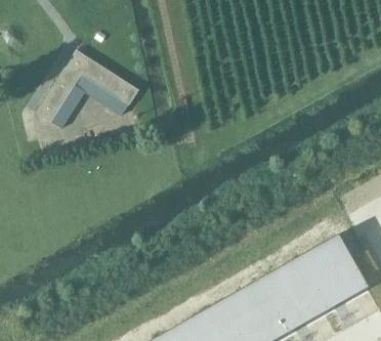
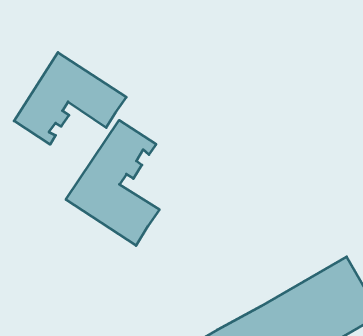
building: none -> [66,120,159,246]

